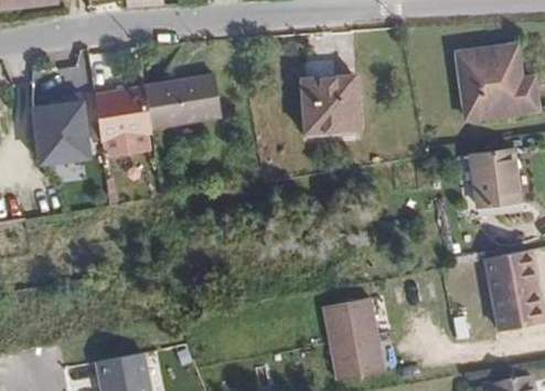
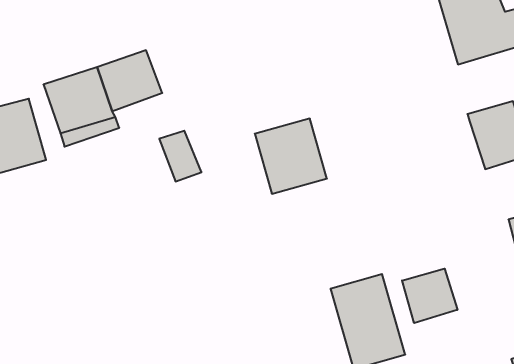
building: [188,65,222,109] -> [159,131,202,181]
building: [301,77,361,140] -> [255,119,327,194]
building: none -> [402,269,457,323]

